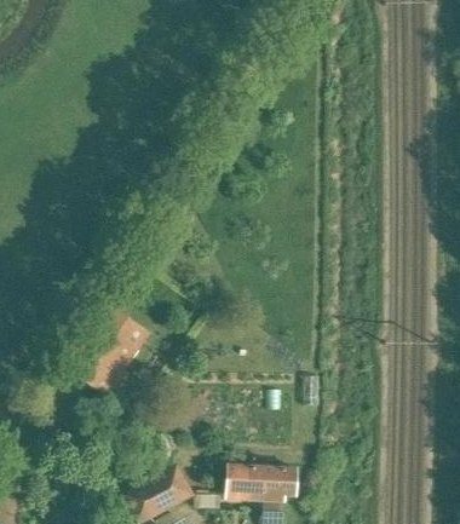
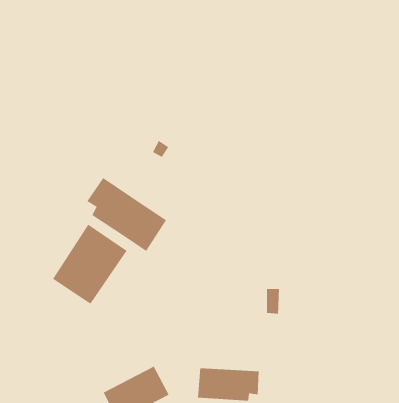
building: none -> [86,177,167,252]

